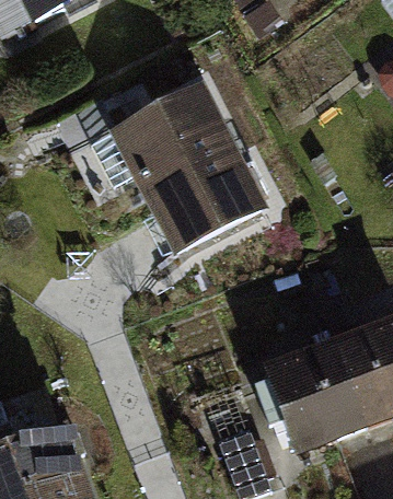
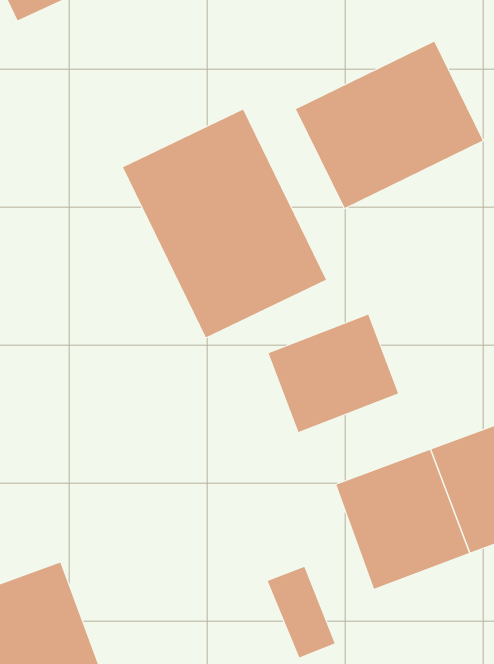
building: none -> [295,41,484,209]
building: none -> [268,314,399,433]

